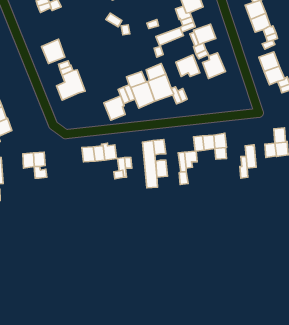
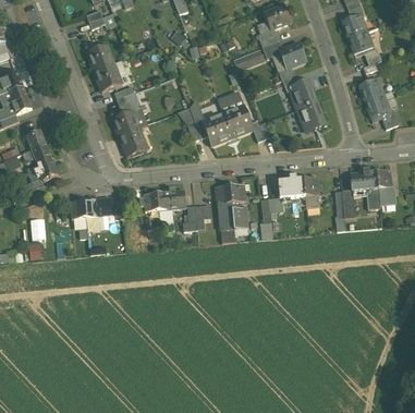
building: none -> [86,42,113,70]
building: [176,55,200,76] -> [296,100,326,126]
building: [104,96,125,120] -> [118,126,144,156]
building: none -> [349,167,377,191]

